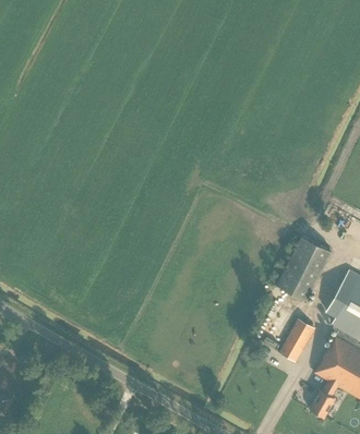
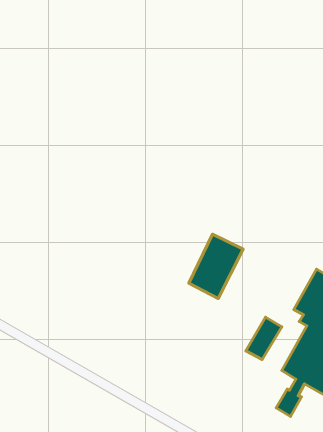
building: [276,237,331,301] -> [189,234,243,298]

